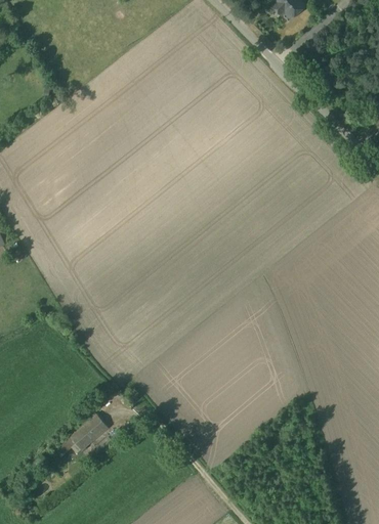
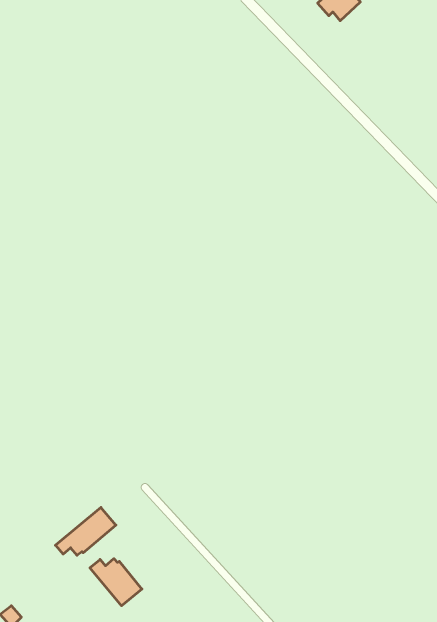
building: none -> [90,559,142,606]

